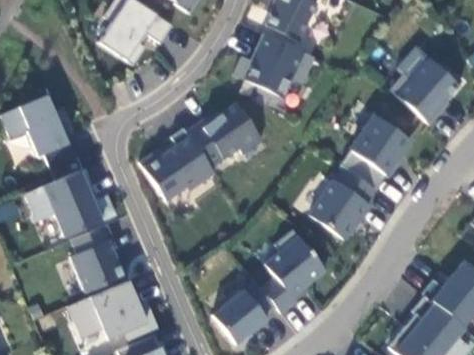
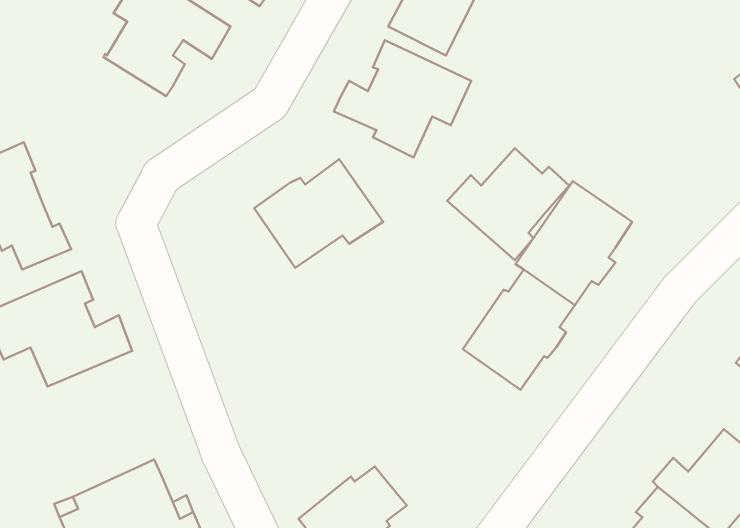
building: [390,59,462,125] -> [447,148,569,260]
building: [139,129,215,201] -> none
building: [69,224,124,293] -> none
building: [261,229,326,313] -> none

